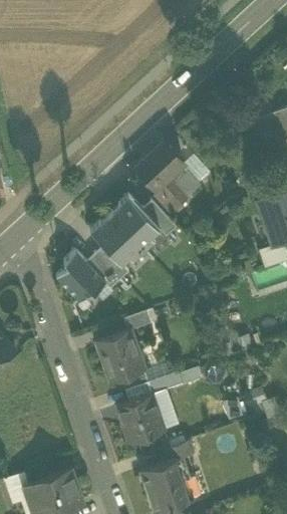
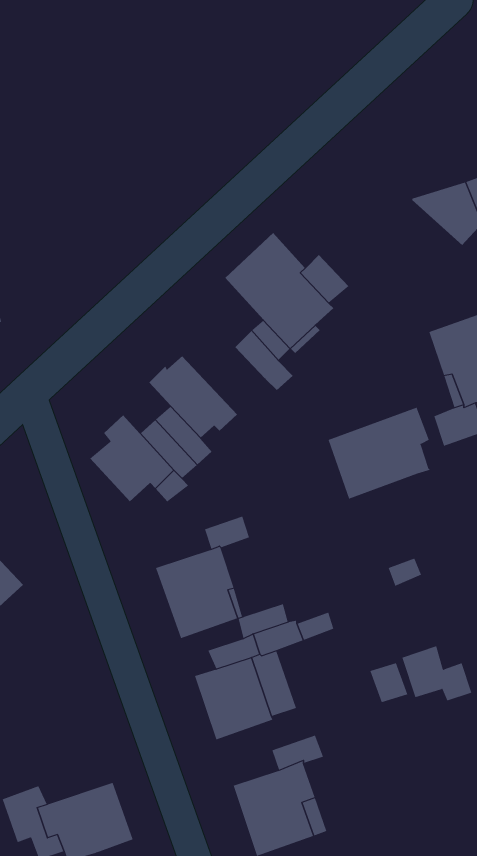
building: [110,195,160,250] -> none
building: none -> [328,407,431,500]

